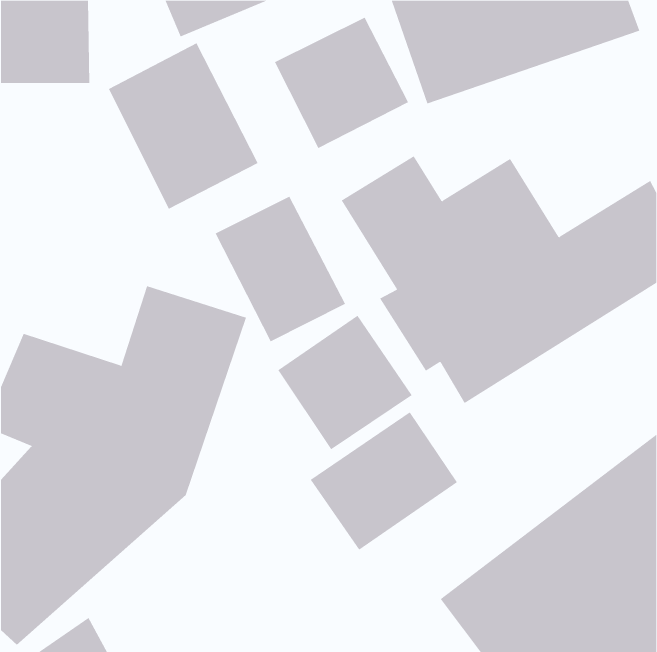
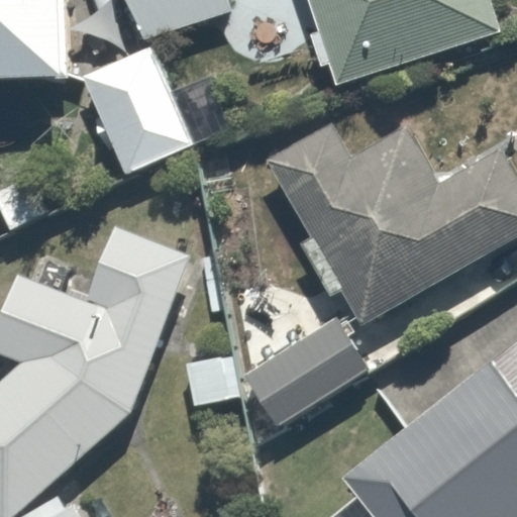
building: [274,17,409,149] -> none
building: [215,196,346,342] -> none
building: [277,315,412,450] -> none

